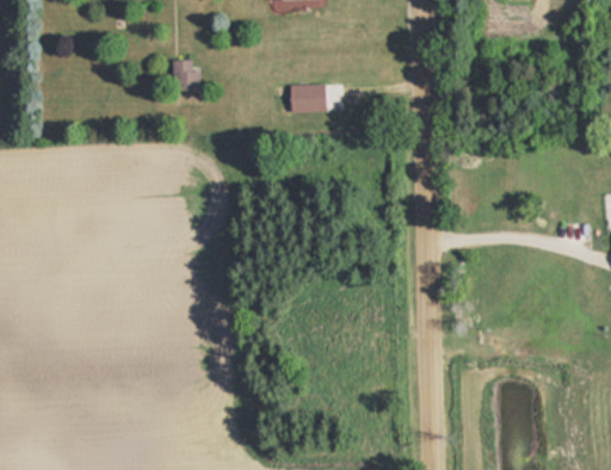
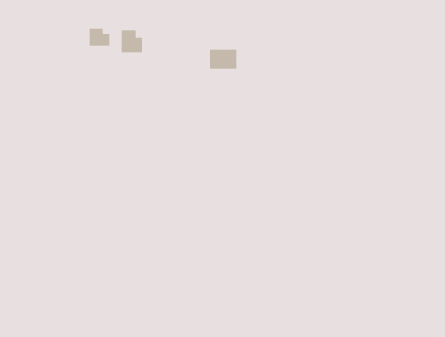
building: none -> [89,28,110,47]

